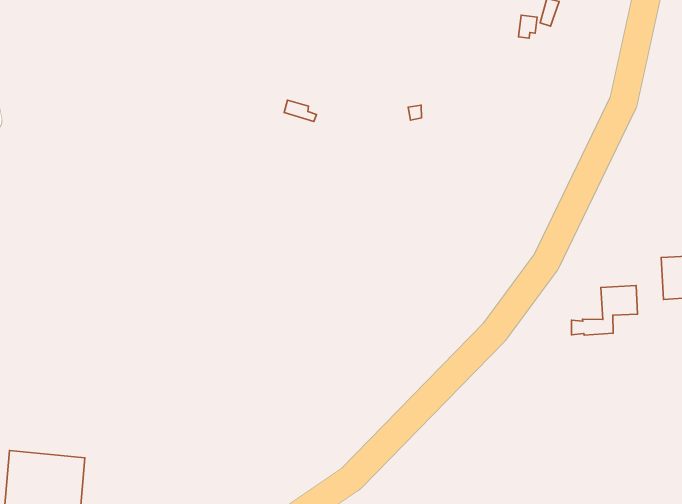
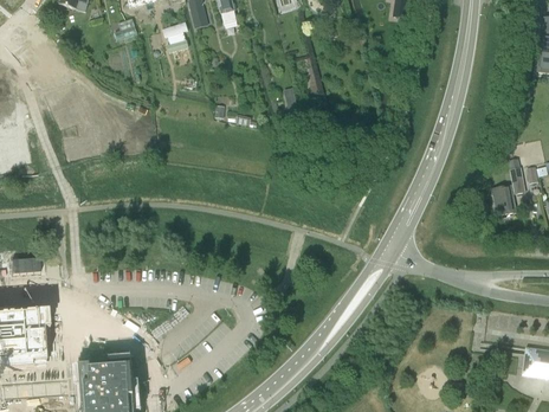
building: [572,285,637,335] -> none

